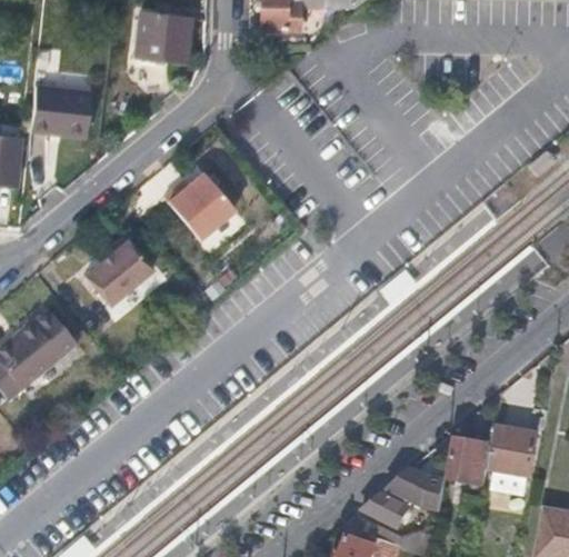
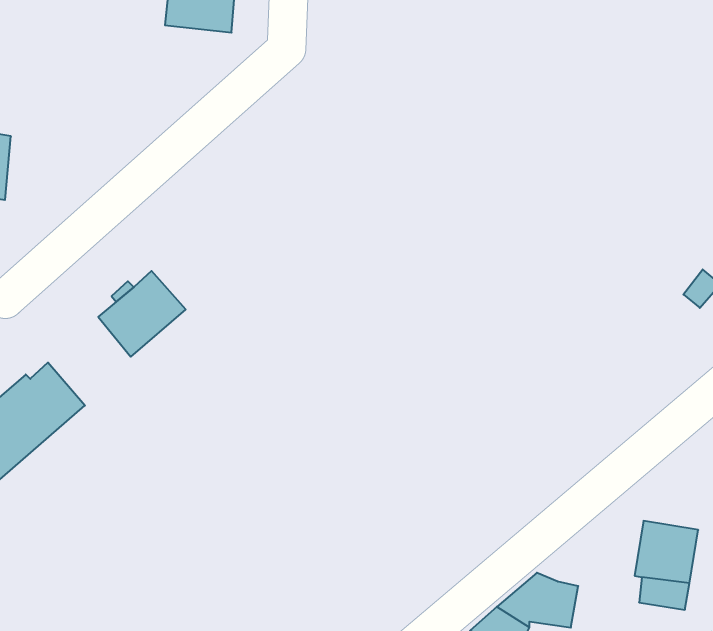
building: [31,89,90,139] -> none
building: [169,181,241,251] -> none
building: [450,439,488,485] -> none

